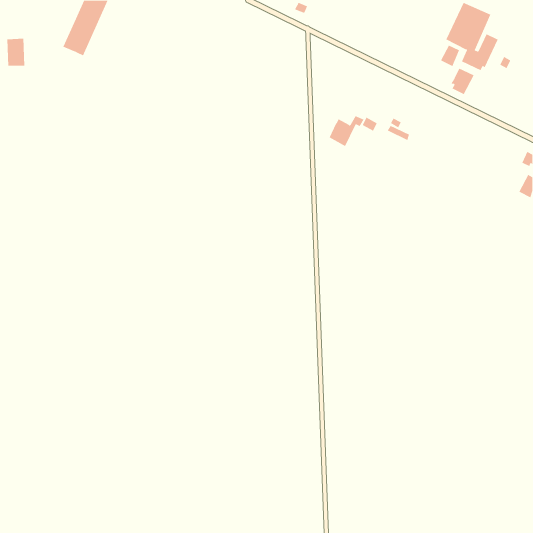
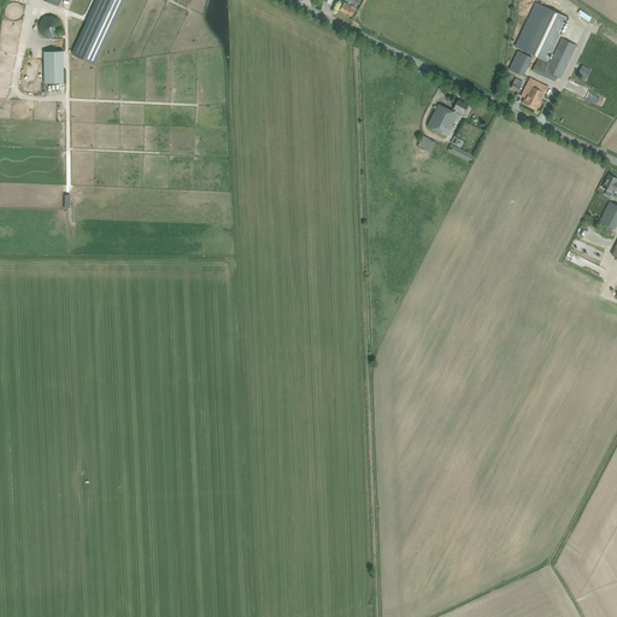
building: [7,38,25,66] -> [45,51,66,83]
building: [329,115,364,147] -> [428,100,469,136]

